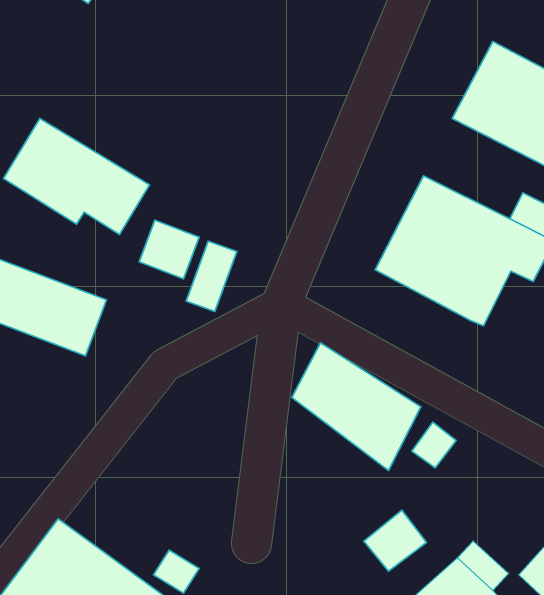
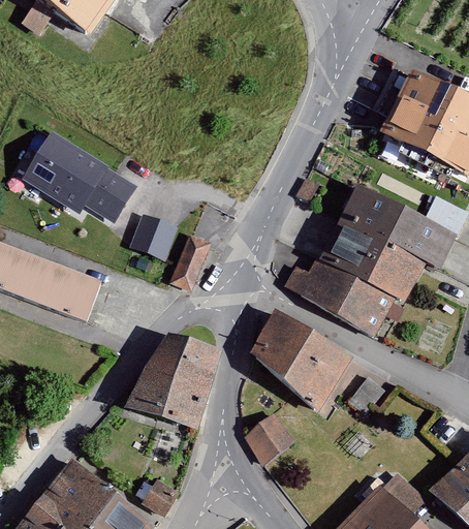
building: none -> [284,255,394,331]
building: none -> [120,343,219,440]
building: [364,510,426,571] -> [243,414,292,463]

